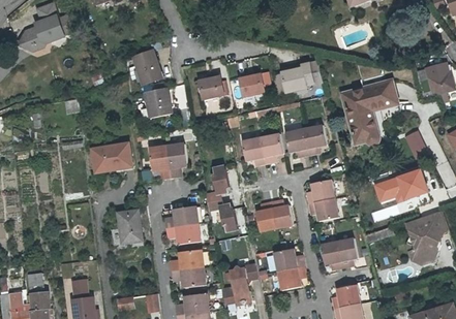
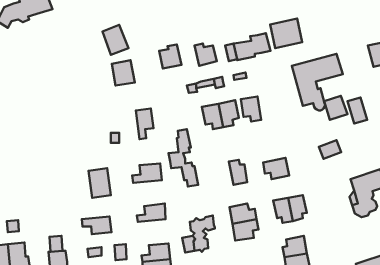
building: none -> [270,18,302,48]
building: [305,126,327,156] -> none
building: [95,145,133,166] -> none
building: [151,146,174,179] -> none
building: [399,170,425,197] -> [324,96,347,120]
building: [309,180,336,203] -> none
building: [257,202,278,231] -> none
building: [166,223,200,243] -> none
building: [172,266,205,286] -> [82,216,111,234]

